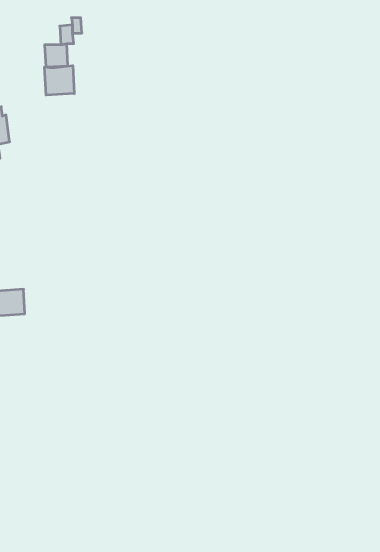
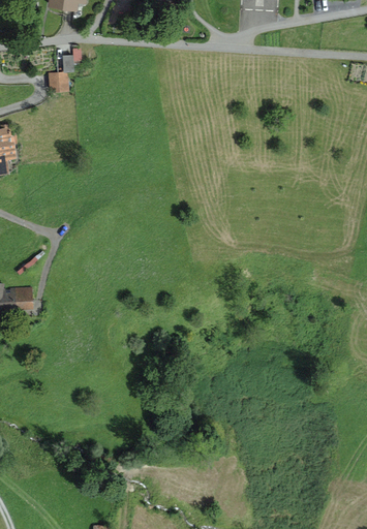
building: [45,66,74,95] -> none

